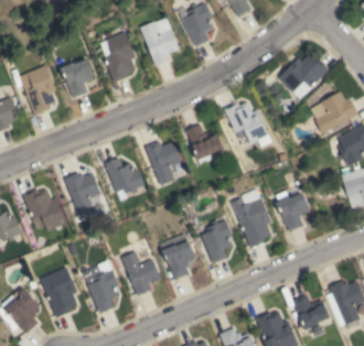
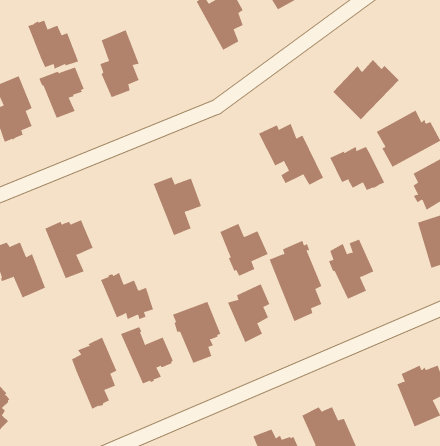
building: [140,18,179,66] -> none
building: none -> [27,20,79,69]
building: none -> [329,146,385,191]
building: [185,125,222,164] -> [219,223,268,276]
building: [104,159,143,194] -> [100,272,154,320]
building: [40,268,77,317] -> none
building: [292,294,329,331] -> none

